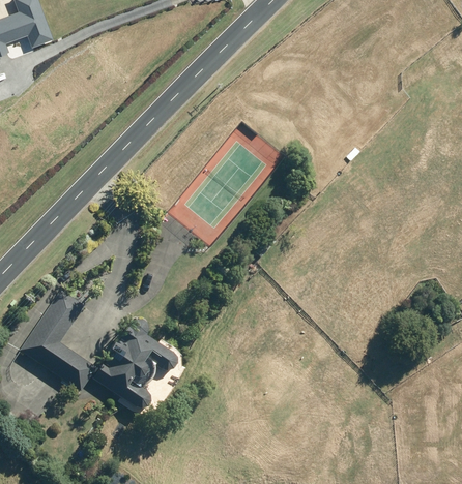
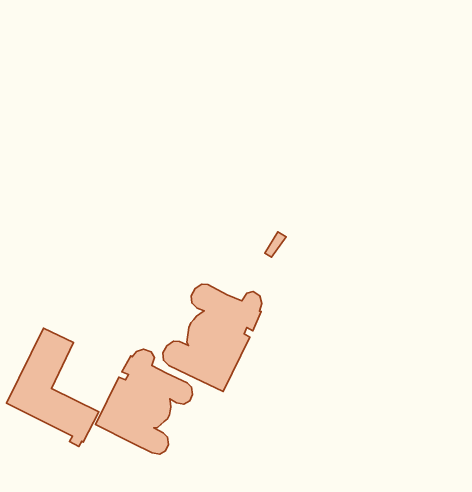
building: none -> [163,284,262,392]

